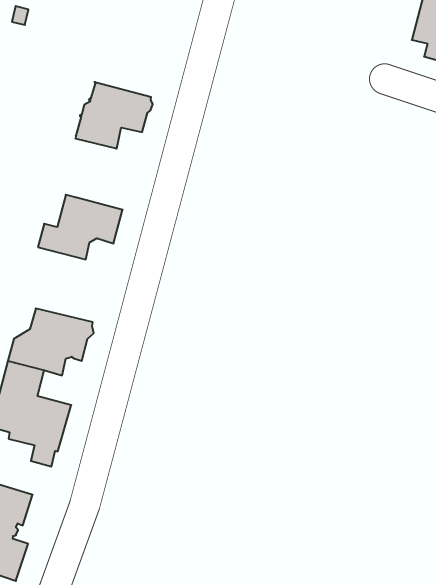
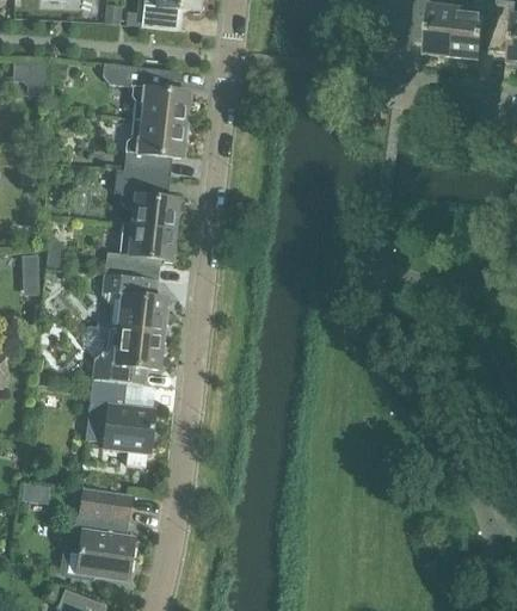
building: none -> [103,63,191,125]
building: none -> [113,169,179,229]
building: none -> [93,273,167,333]

